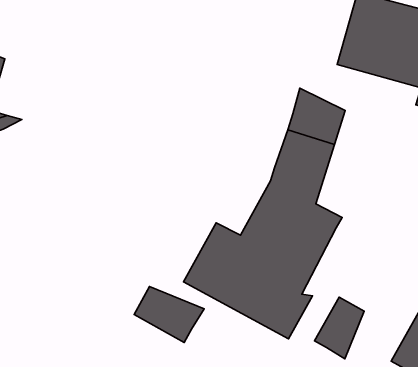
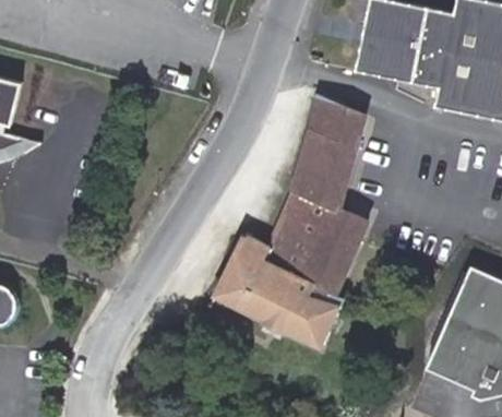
building: [134,286,204,343] -> none
building: [315,297,364,359] -> none

